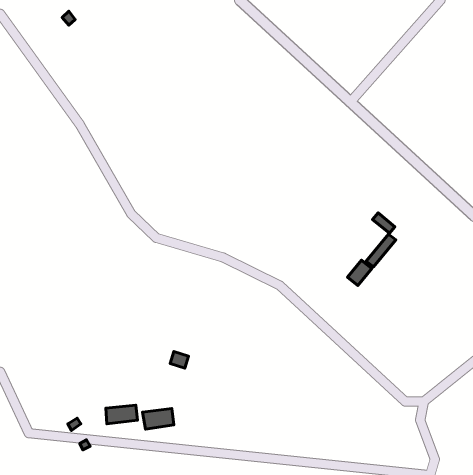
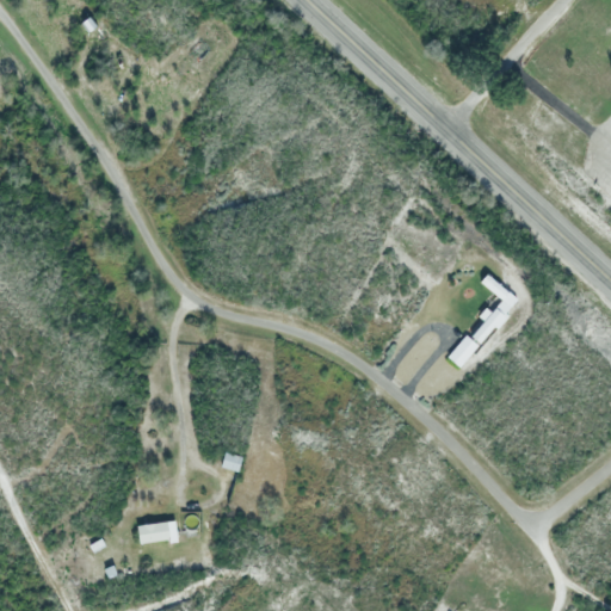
building: [142,409,174,429] -> none

